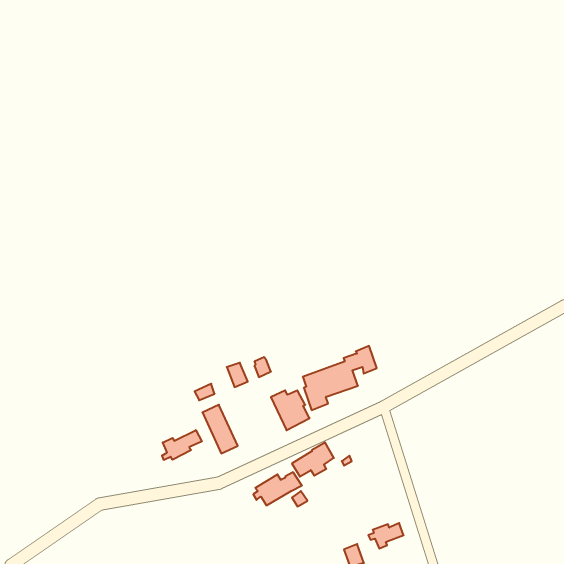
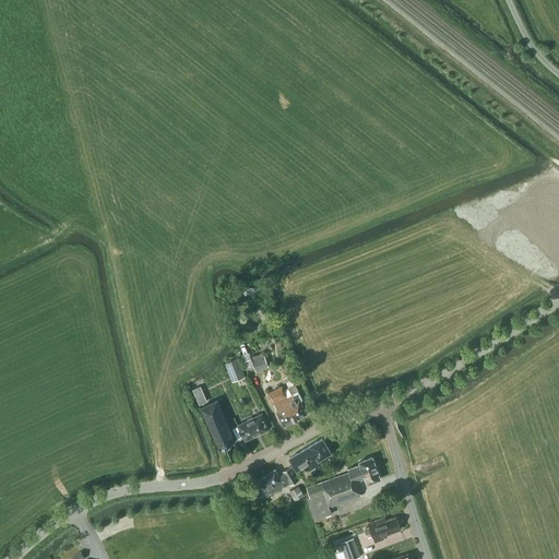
building: [303,346,377,410] -> [306,457,379,521]
building: none -> [237,414,267,441]
building: [162,430,202,460] -> none

